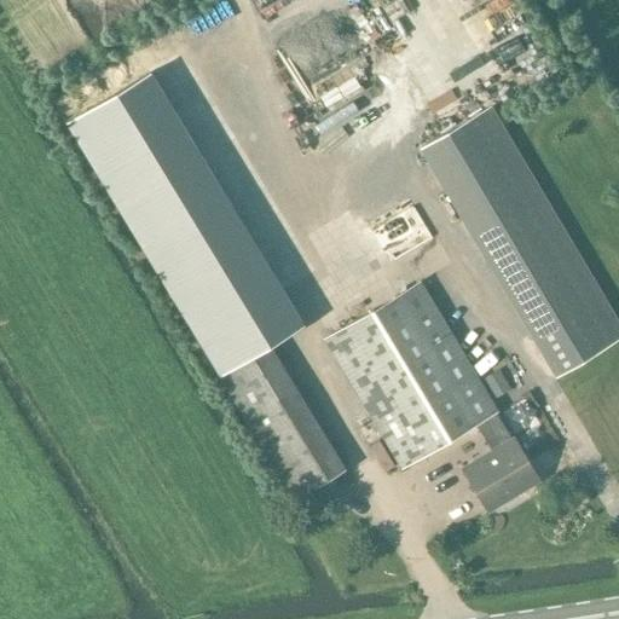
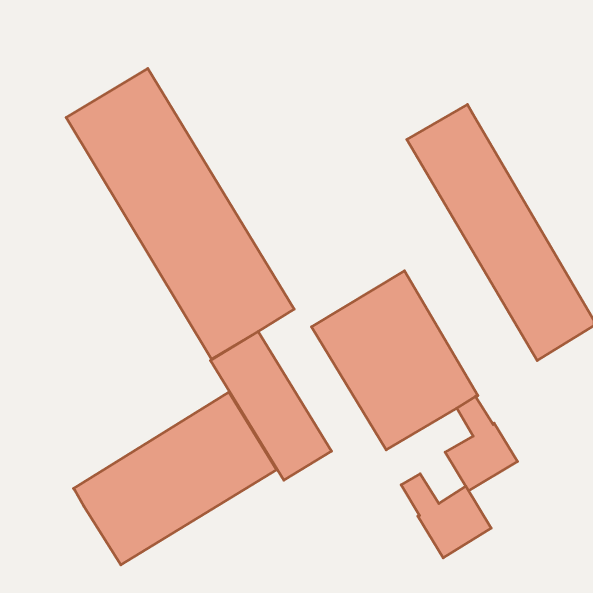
building: none -> [73,392,276,565]
building: none -> [401,474,491,558]

